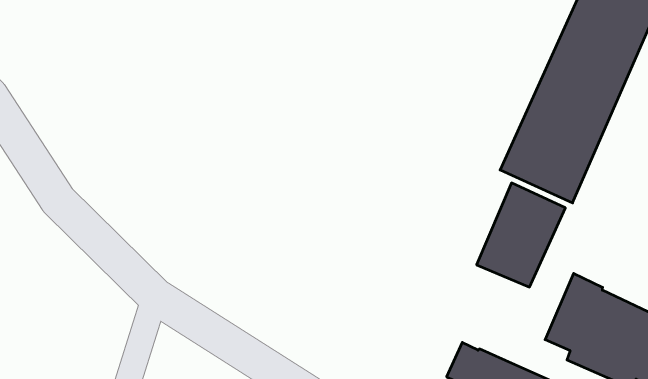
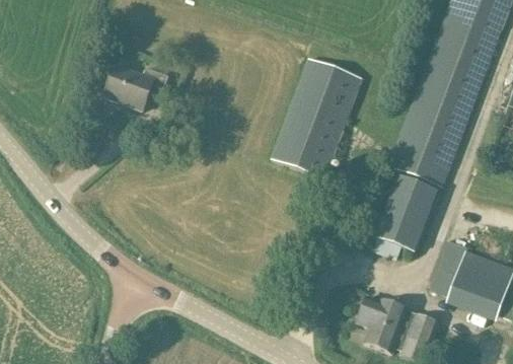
building: none -> [105,64,170,108]
building: none -> [272,56,363,176]

